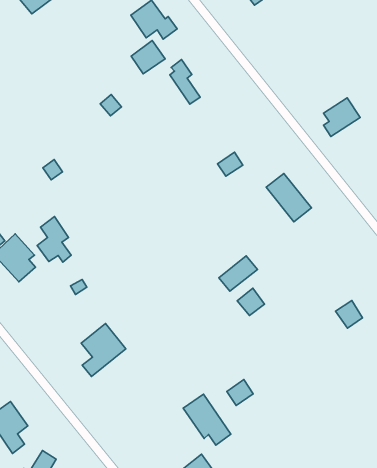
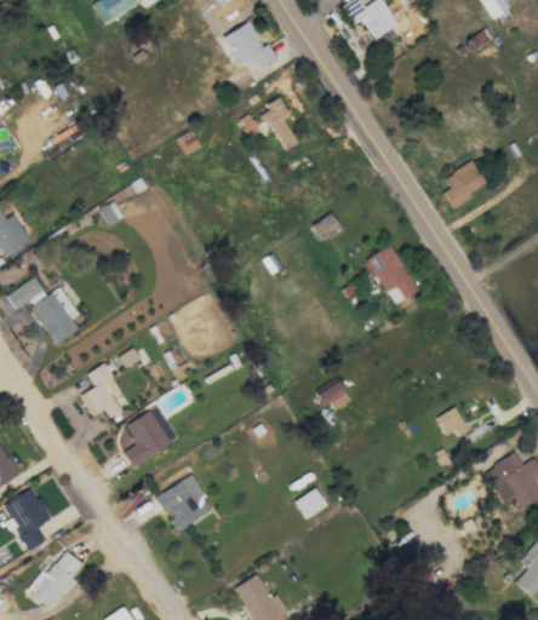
building: [131,41,165,74] -> none
building: [37,217,71,262] -> [80,362,120,418]
building: [219,256,257,291] -> none
building: none -> [154,473,213,530]
building: [183,394,231,445] -> none

